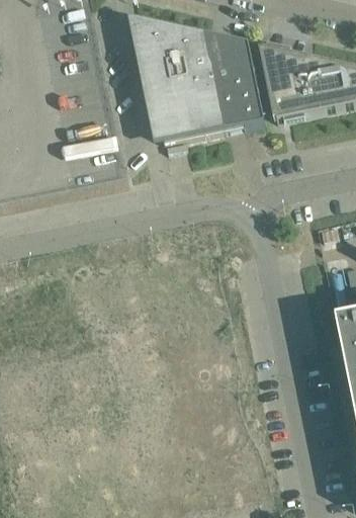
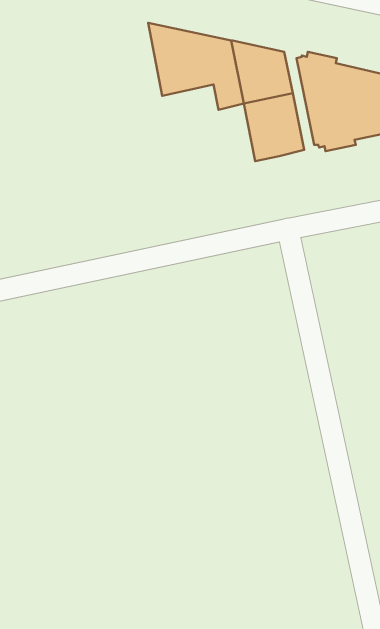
building: [151,69,226,142] -> none

